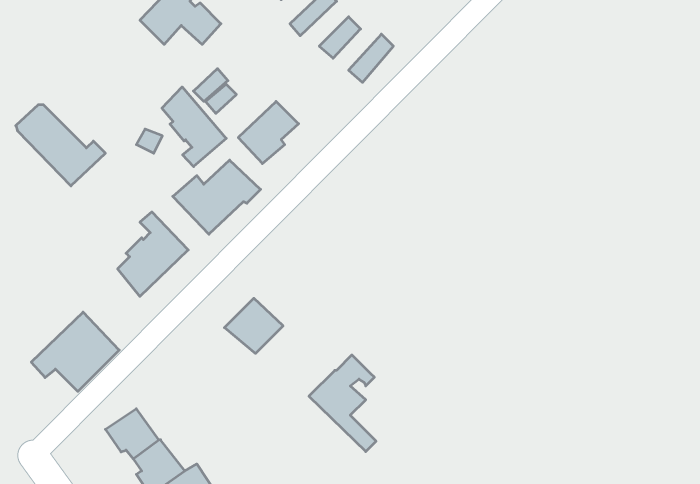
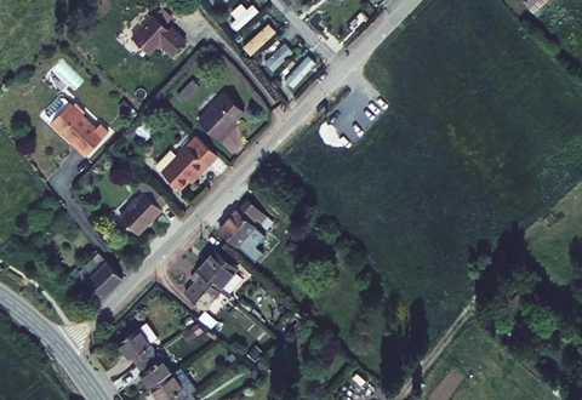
building: [162,87,226,167] -> none
building: none -> [182,263,217,303]
building: [309,355,376,452] -> [218,195,266,263]

